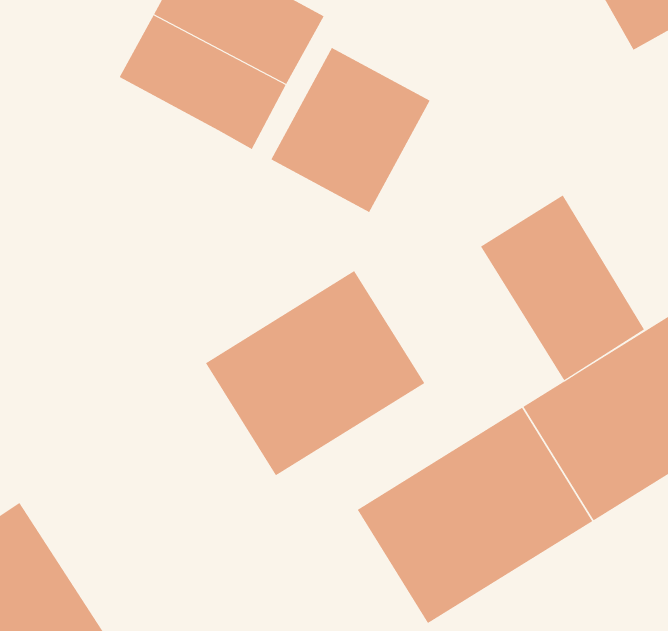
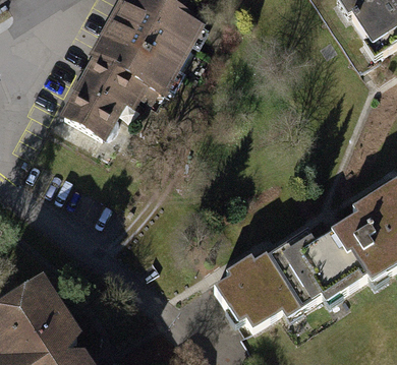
building: [270,47,430,213] -> [62,53,148,141]
building: [480,195,645,381] -> none
building: [205,270,425,476] -> none

